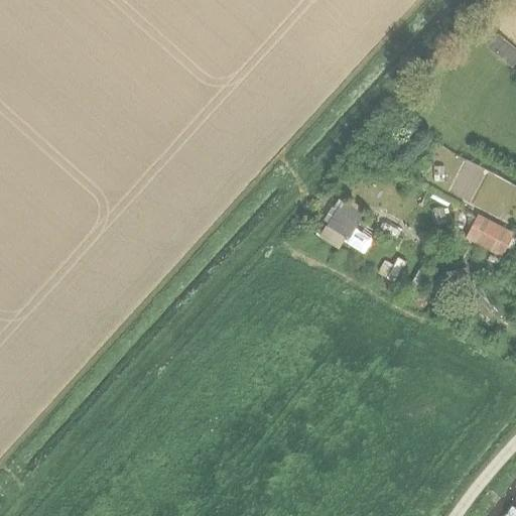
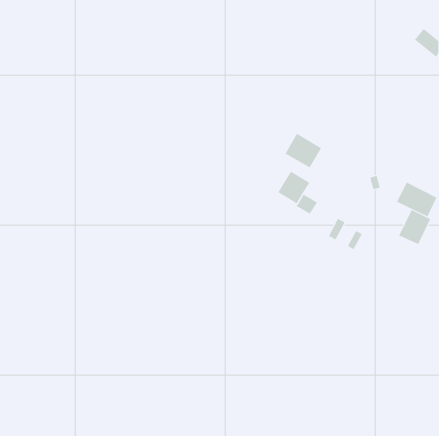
building: none -> [285,133,322,168]
building: none -> [399,209,431,245]

